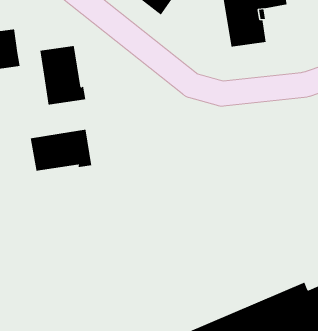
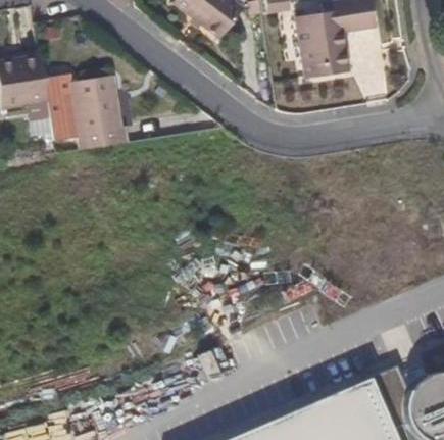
building: none -> [45,83,77,120]
building: [30,129,92,172] -> none

